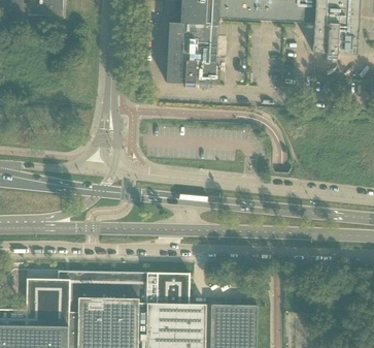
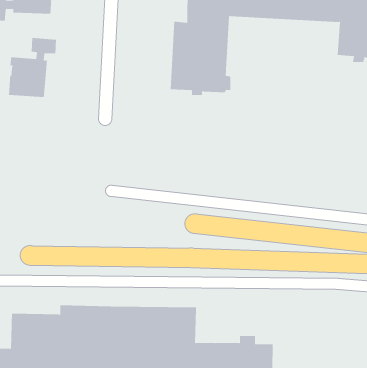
building: none -> [8,37,56,98]

